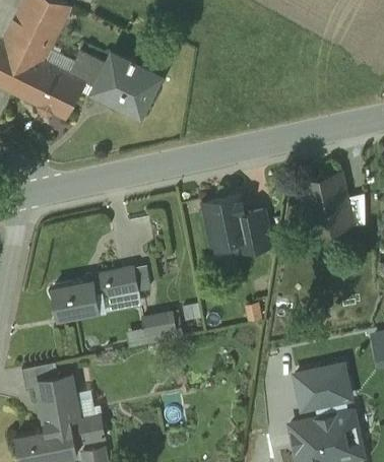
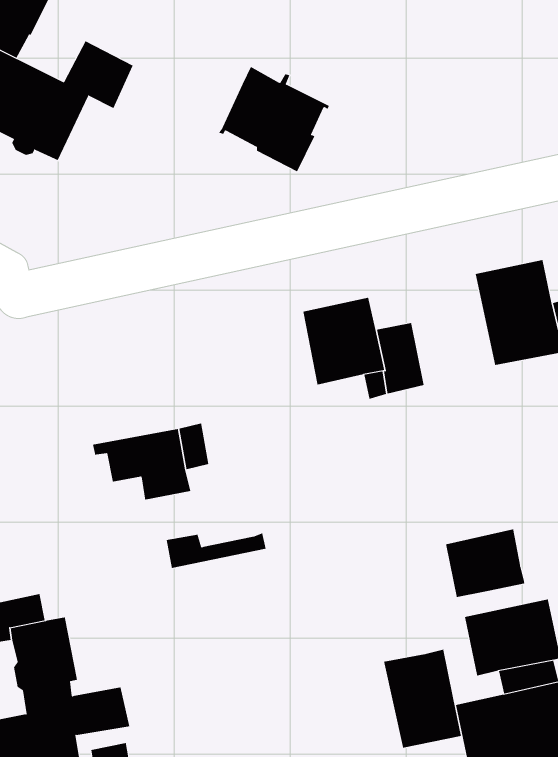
building: [94,53,157,113] -> [218,66,330,172]
building: [53,282,114,319] -> none
building: [142,312,176,335] -> none
building: none -> [445,528,525,598]
building: none -> [383,649,462,749]

